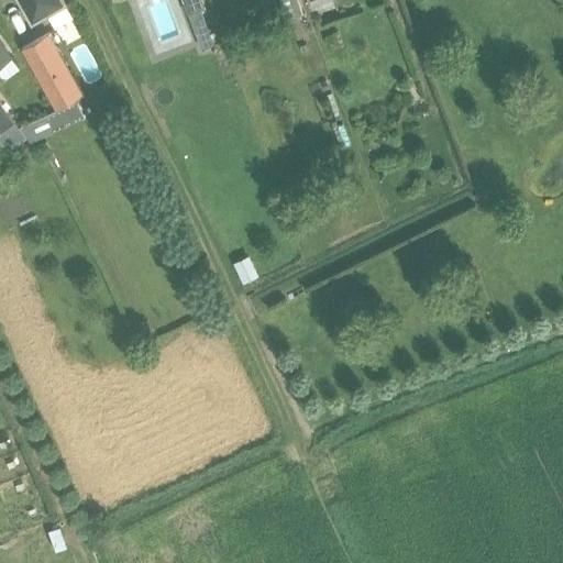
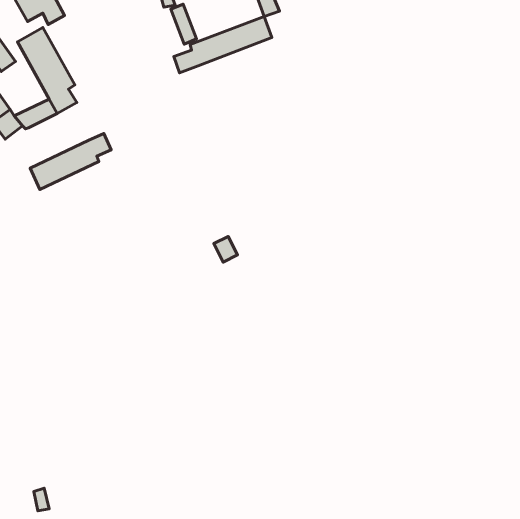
building: none -> [174,16,272,73]
building: none -> [30,133,111,189]

